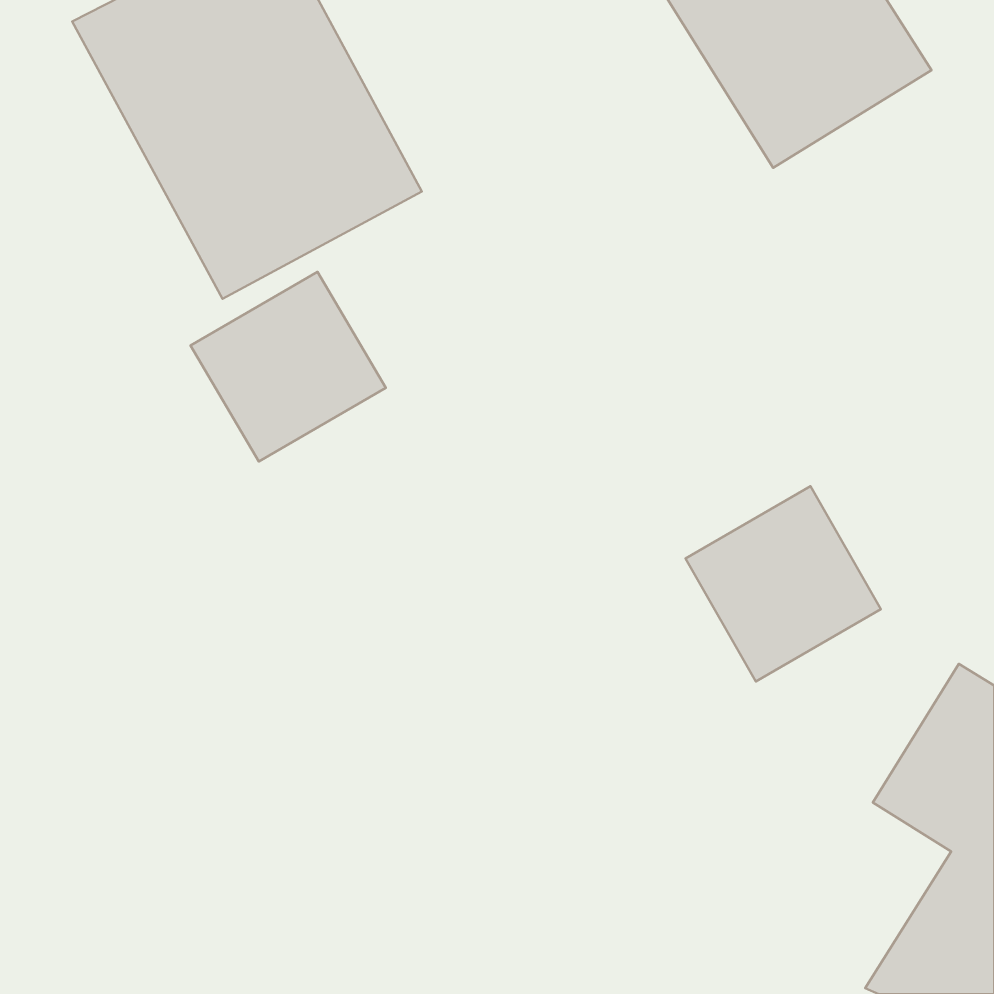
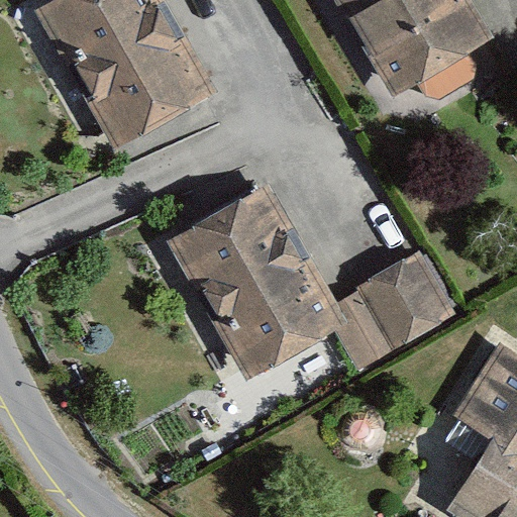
building: [191,272,386,461] -> none
building: none -> [165,184,348,382]

